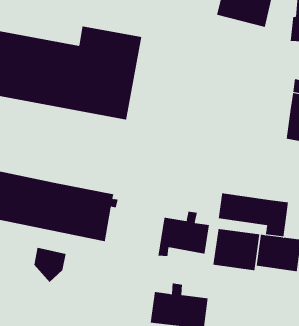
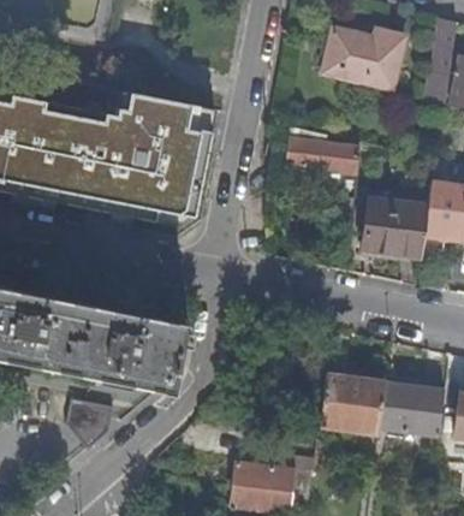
building: none -> [284,137,359,173]
building: none -> [359,196,427,257]
building: [218,193,289,237] -> none
building: [158,211,209,257] -> none

